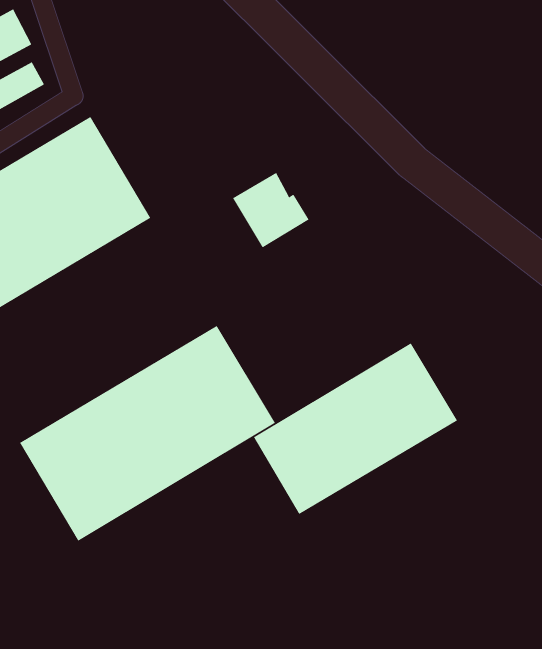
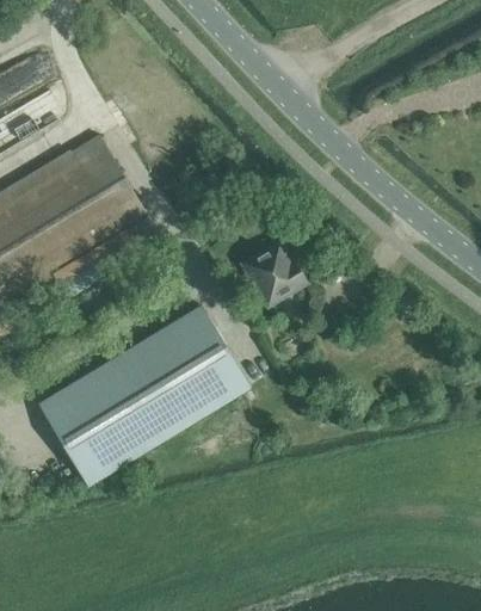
building: [232,172,310,248] -> [241,240,306,303]
building: [253,343,458,515] -> none

